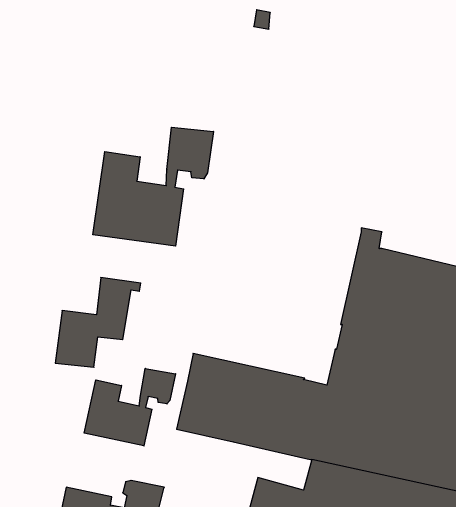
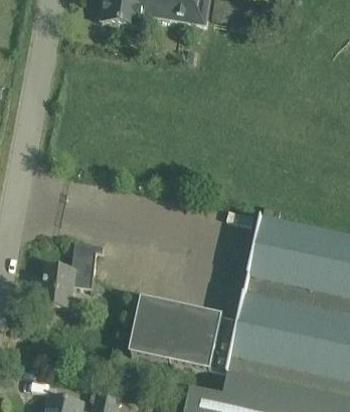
building: [93,127,213,246] -> none
building: [84,368,176,446] -> none

